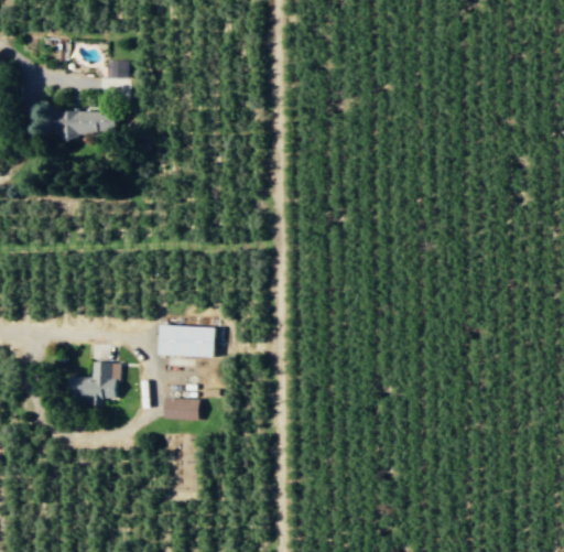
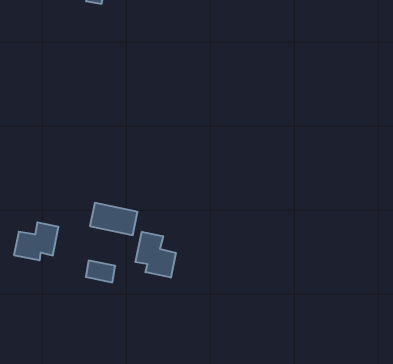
building: [55,110,115,134] -> none
building: none -> [135,232,176,278]

